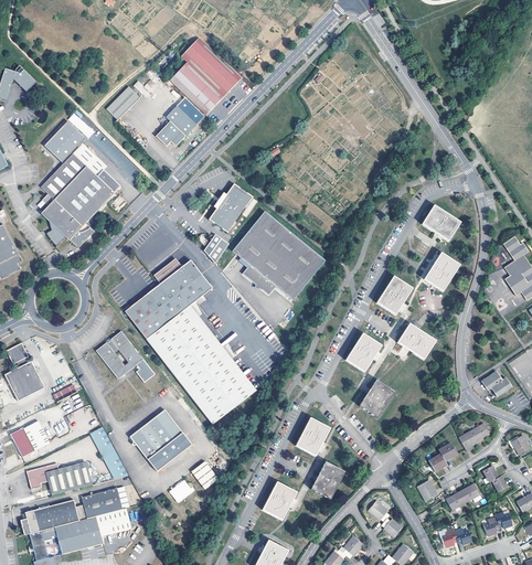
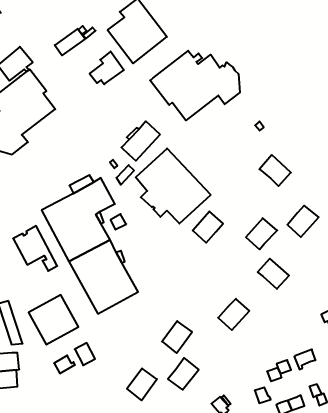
building: none -> [150,51,240,120]
building: [422,204,460,241] -> [259,155,291,186]
building: [345,333,381,372] -> [193,211,223,243]

